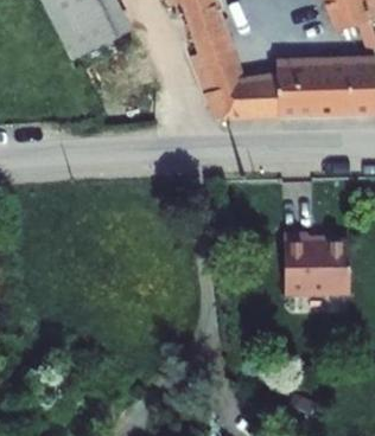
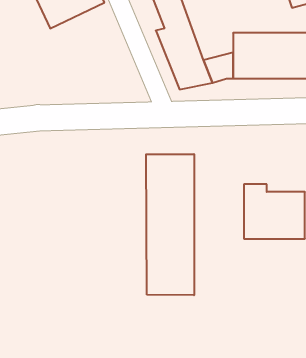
building: none -> [146,154,194,295]

